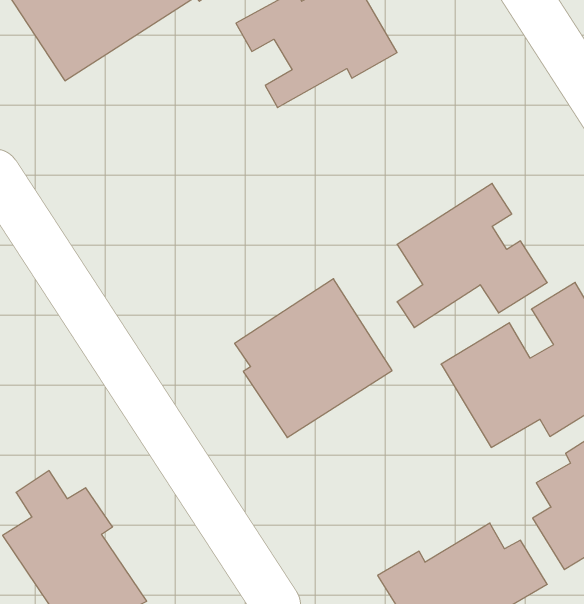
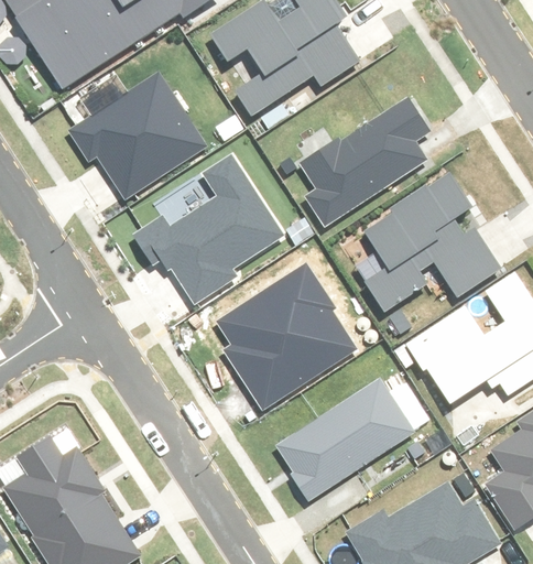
building: none -> [70,75,207,200]
building: none -> [300,102,427,225]
building: none -> [139,155,283,302]
building: none -> [273,378,415,502]

